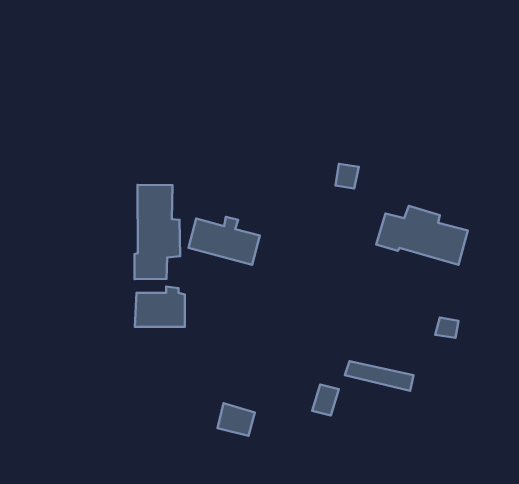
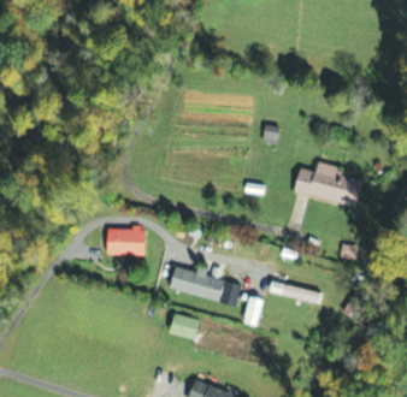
building: [134,185,180,279] -> none
building: [188,217,260,265] -> [170,265,225,302]

